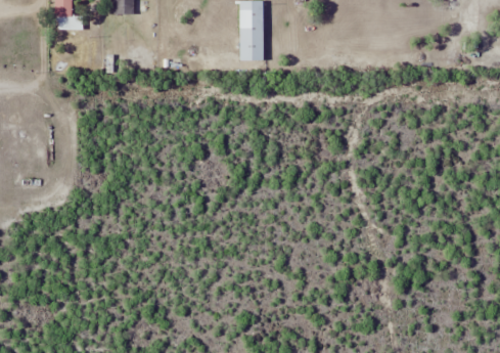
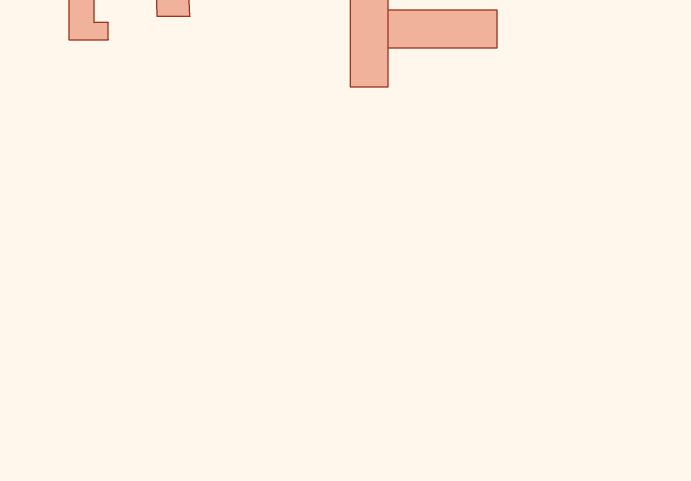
building: none -> [388,10,497,48]

